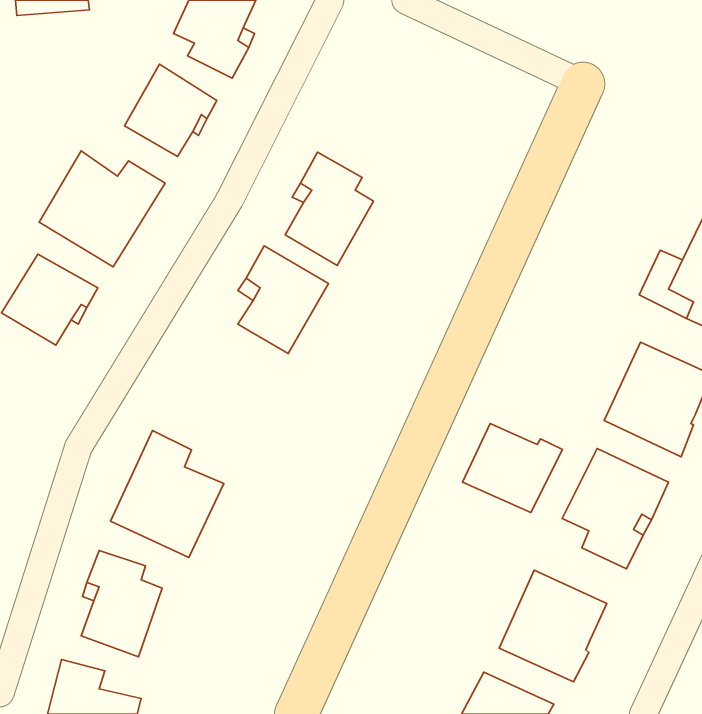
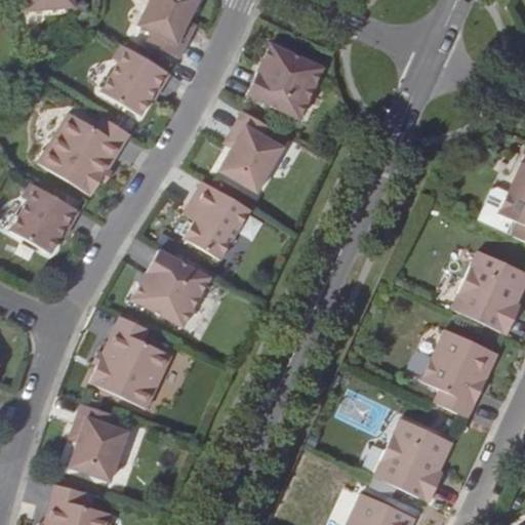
building: none -> [246,43,323,118]
building: none -> [131,249,210,327]
building: [462,423,562,513] -> none

